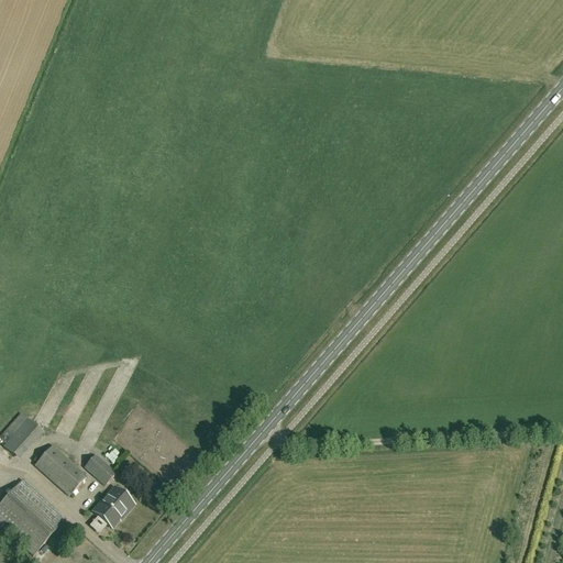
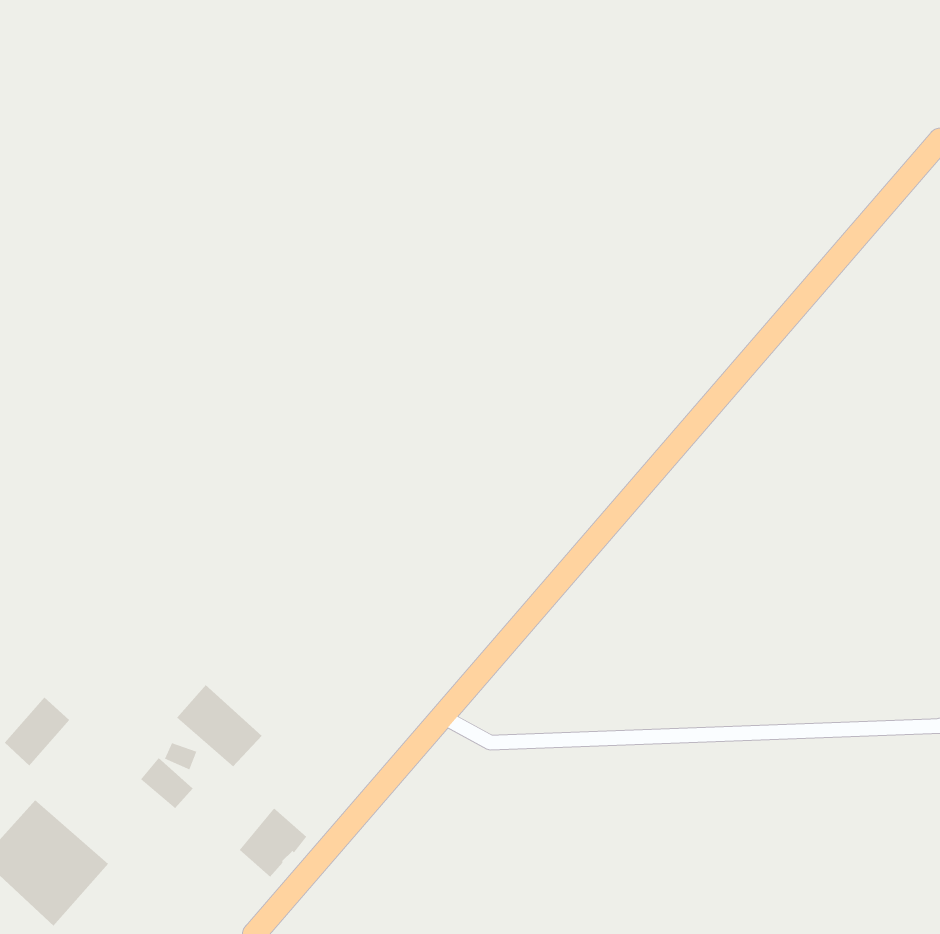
building: [34,443,86,493] -> [176,684,263,767]
building: [92,484,133,526] -> [239,808,307,878]

